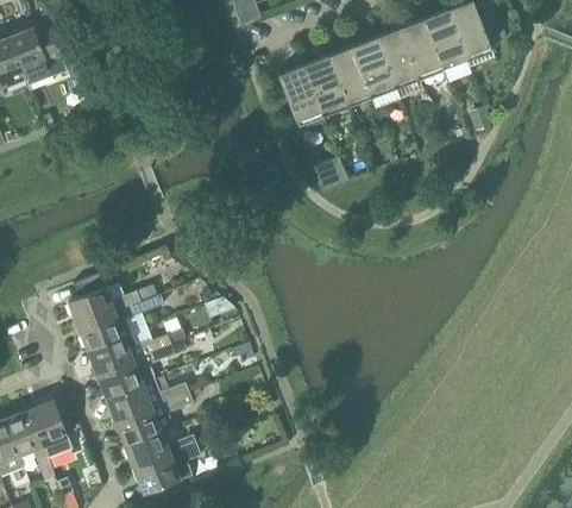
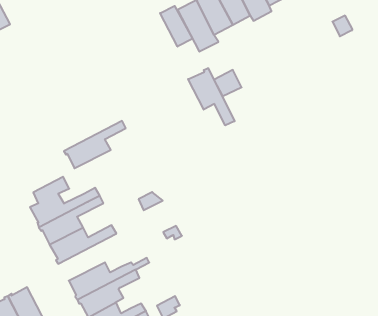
building: none -> [160,6,193,47]
building: none -> [188,68,235,125]
building: [95,345,175,397] -> [64,121,126,168]

